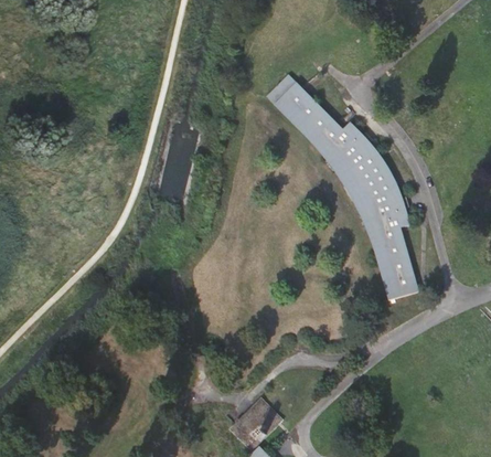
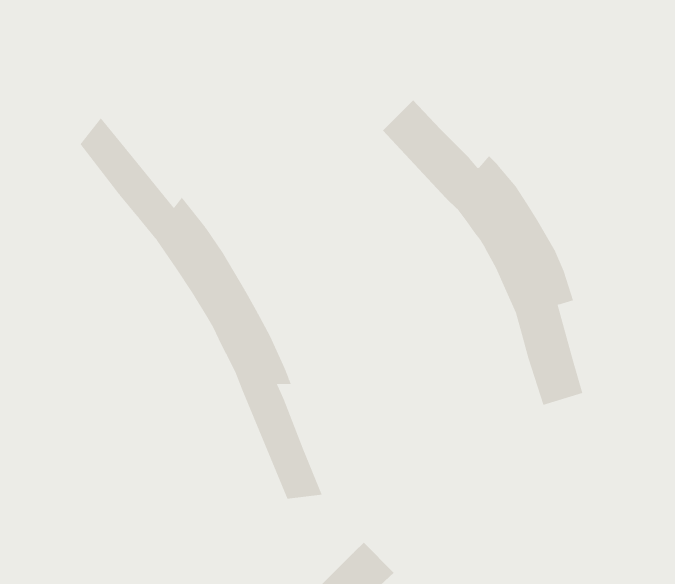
building: none -> [80,117,323,499]

